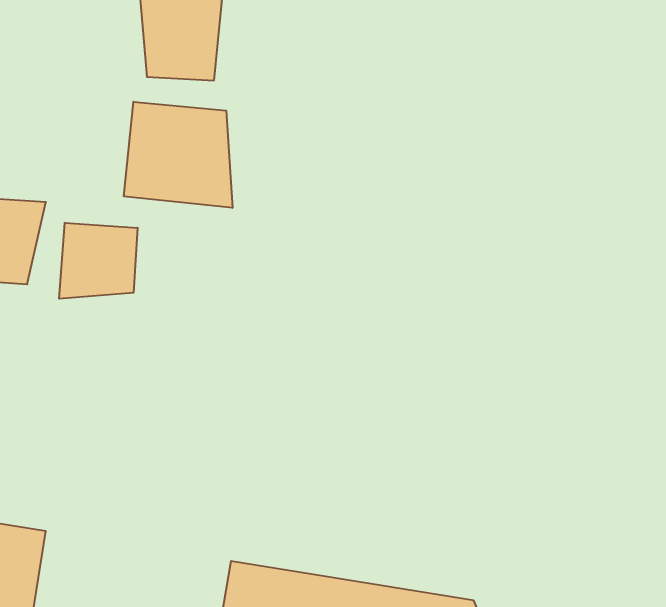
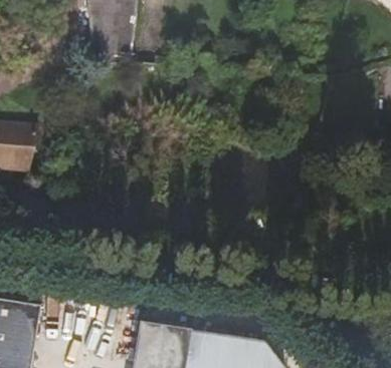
building: [124,102,232,208] -> none
building: [59,223,138,299] -> none

